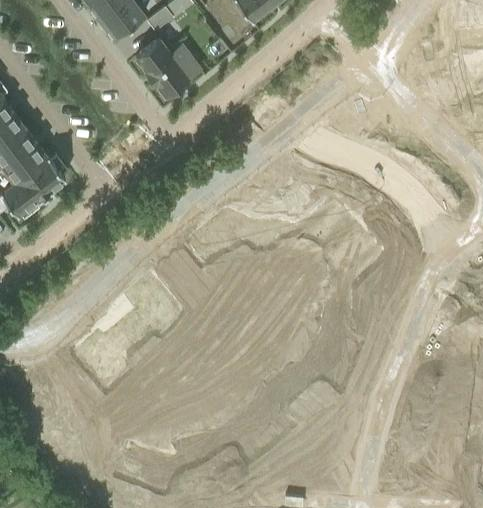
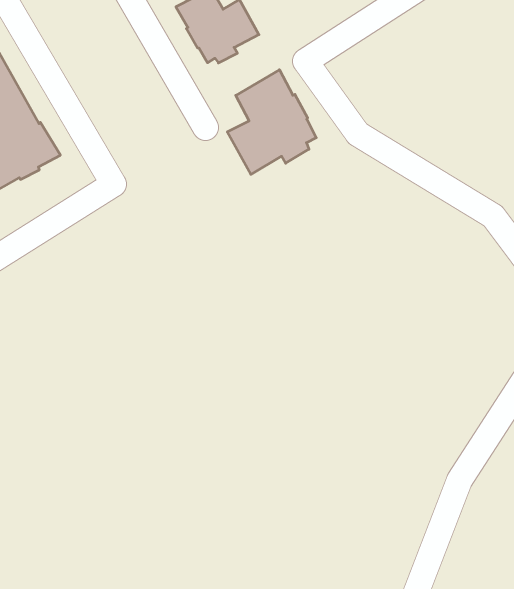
building: none -> [227,70,316,174]

